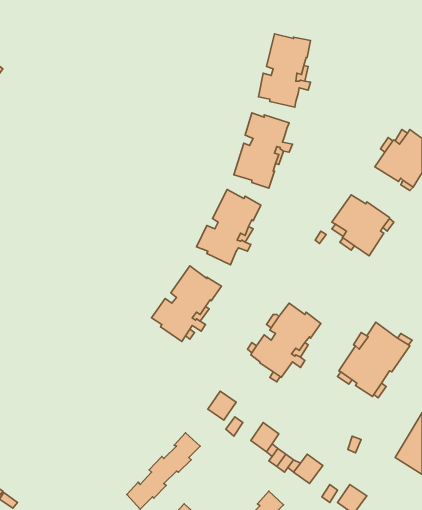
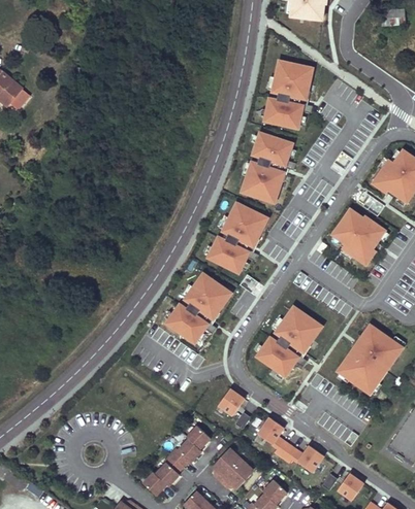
building: none -> [213,451,251,489]

